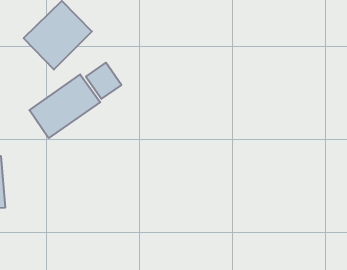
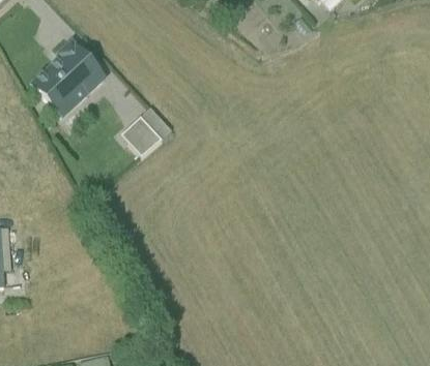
building: [29,74,100,138] -> none

